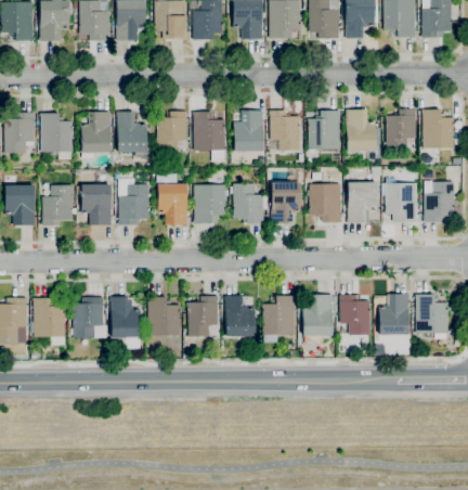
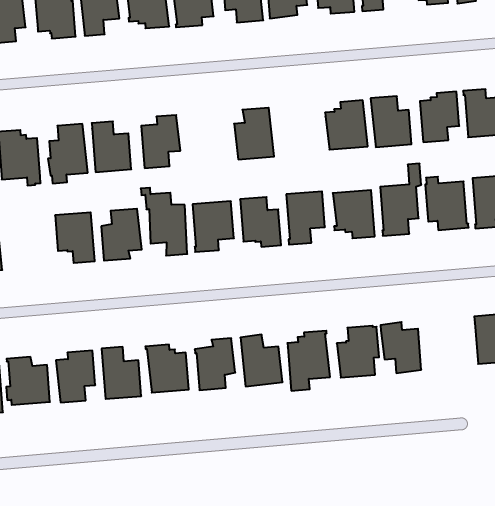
building: [270,109,301,151] -> none
building: [194,112,225,162] -> none
building: [42,185,74,225] -> none
building: [380,294,410,335] -> none

